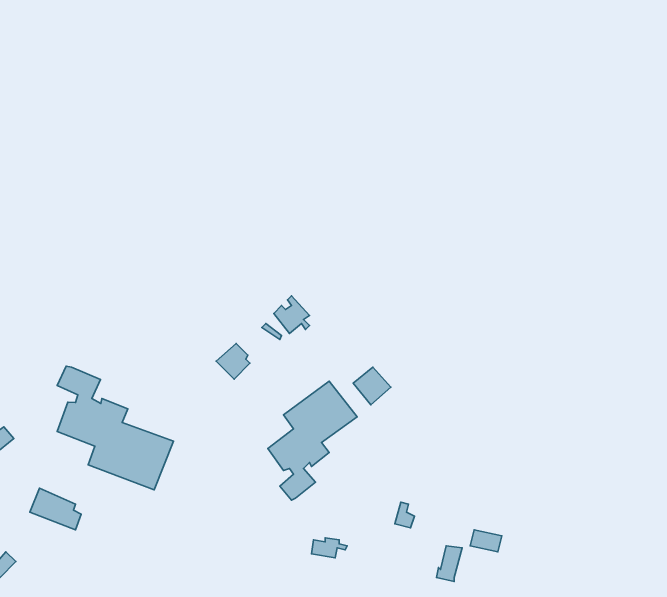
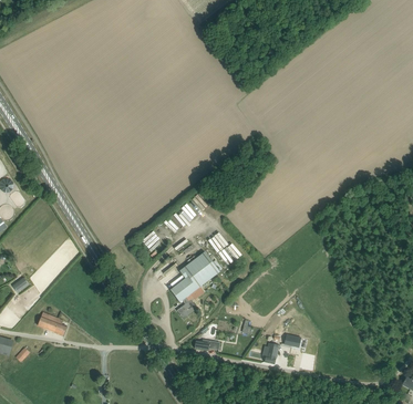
building: [57,366,174,490] -> none

